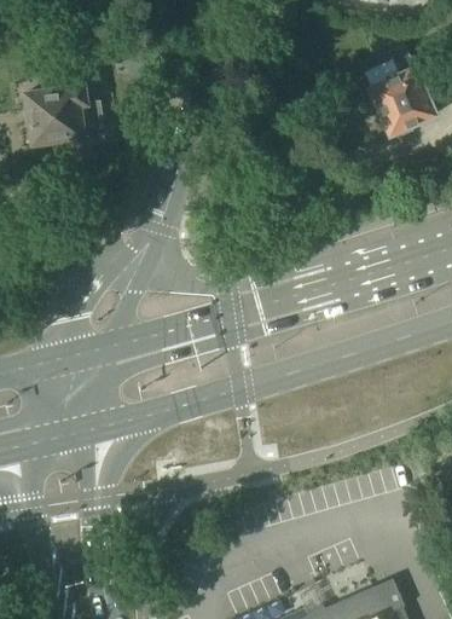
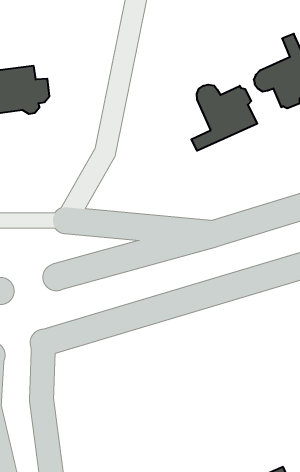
building: none -> [191,85,257,151]

